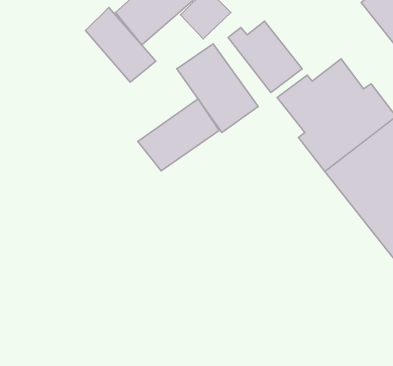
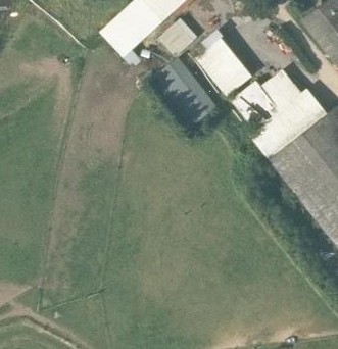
building: [85,7,156,82] -> none
building: [138,99,219,171] -> none

